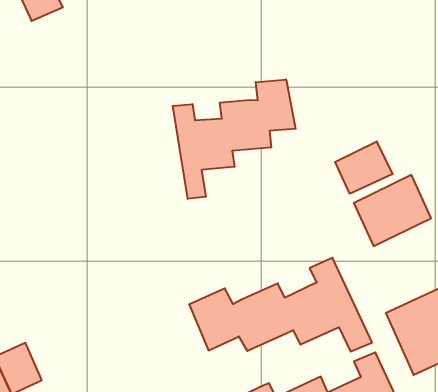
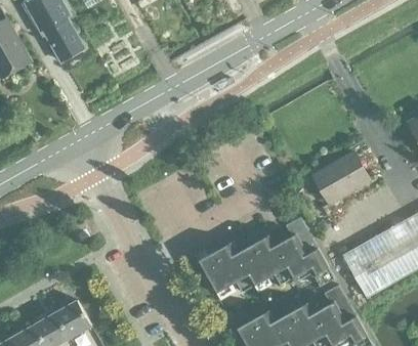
building: [173,79,295,199] -> none
building: [335,141,393,194] -> none

